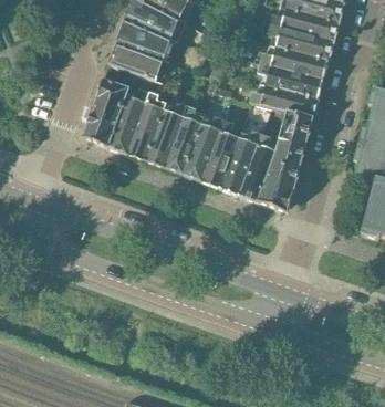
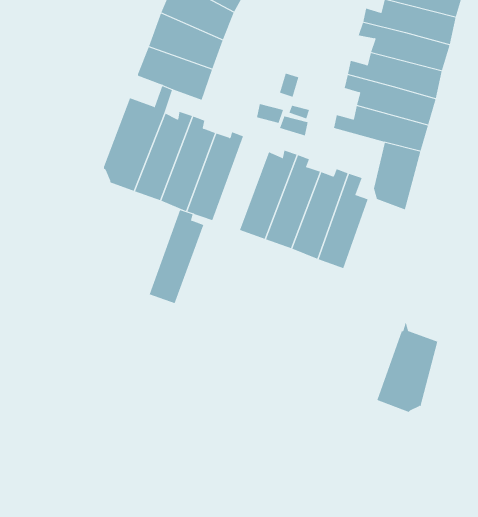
building: [164,104,204,171] -> [149,209,204,304]
building: [258,142,302,208] -> [376,320,438,413]

